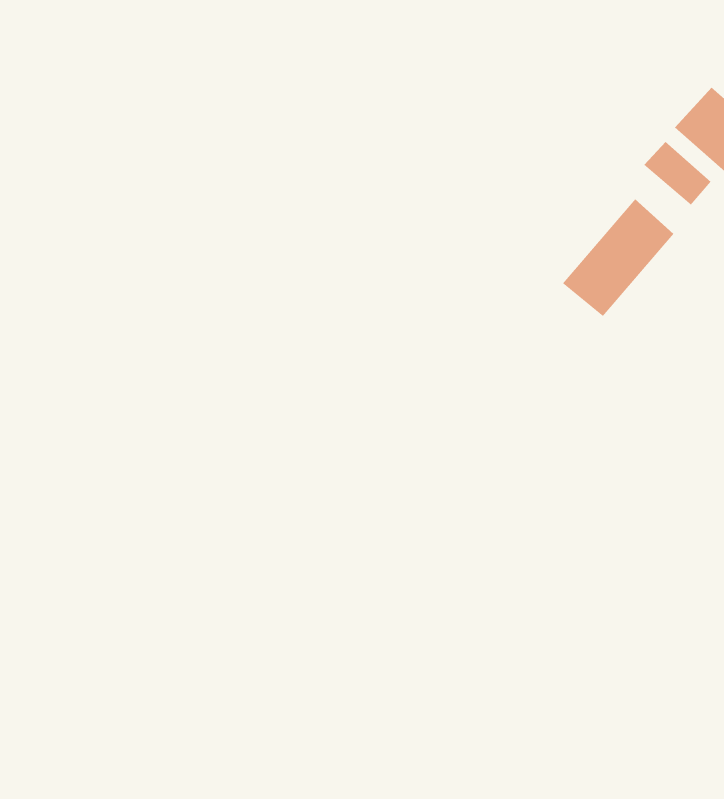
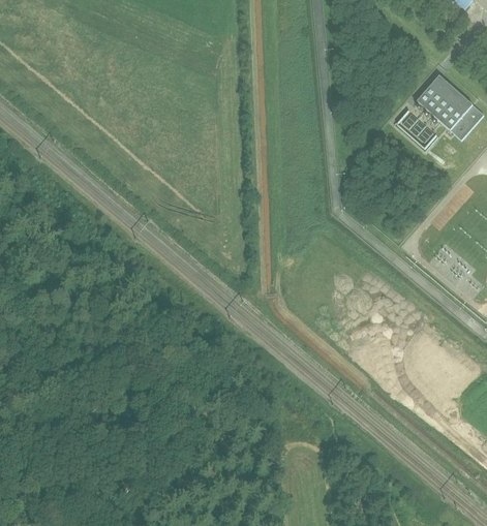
building: [562,198,674,317] -> none

